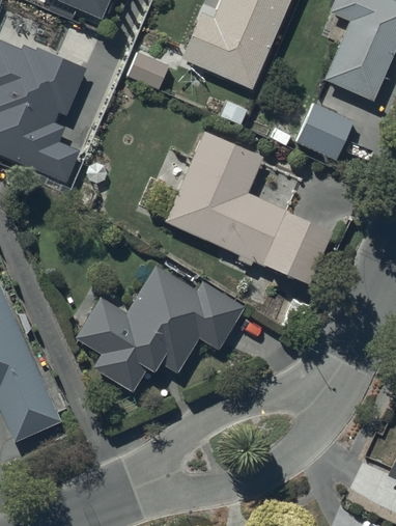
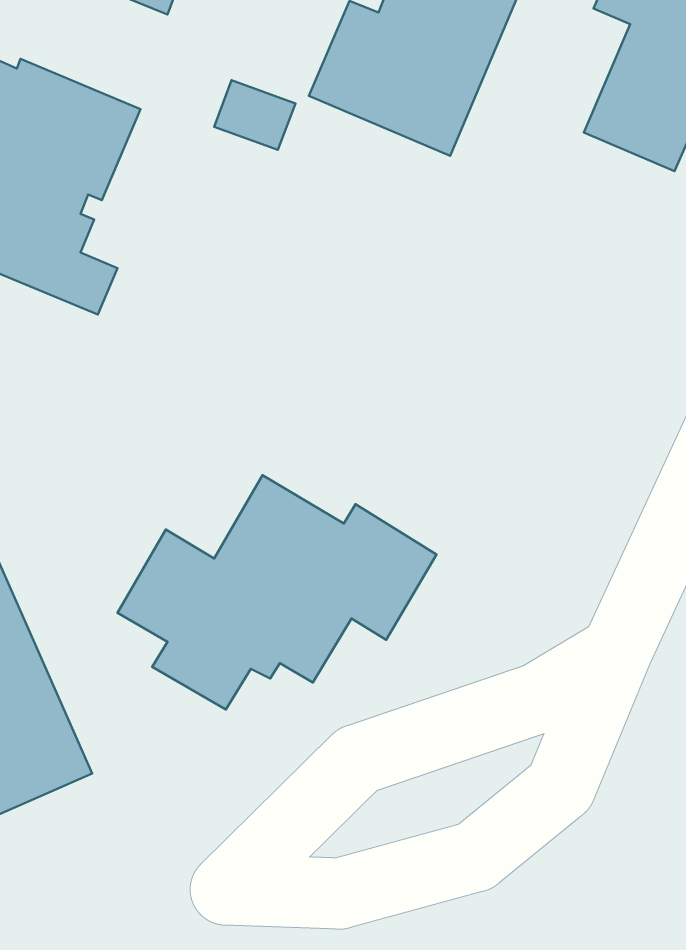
building: [295,102,352,159] -> none
building: [162,131,337,287] -> none

